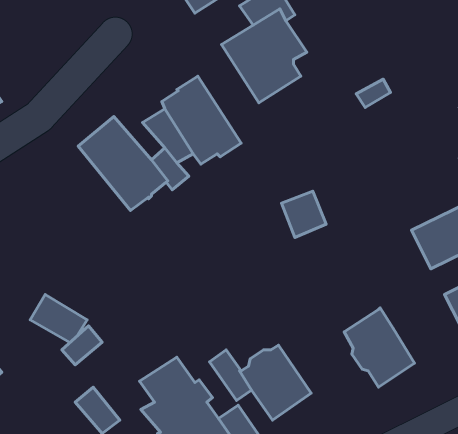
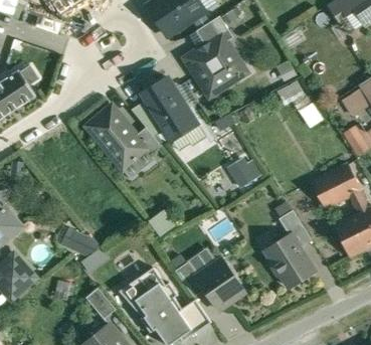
building: none -> [279,210,312,248]

